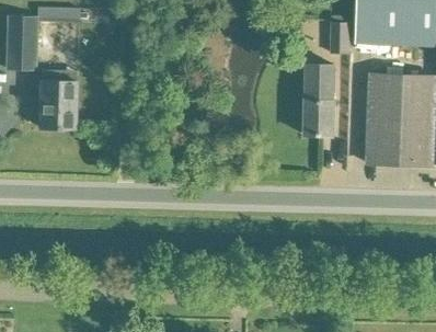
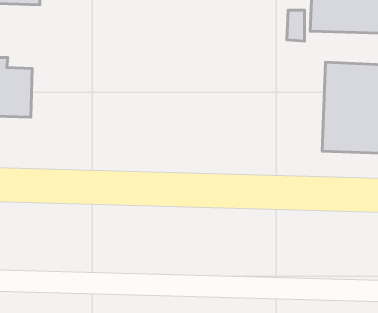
building: [303,65,334,136] -> none

